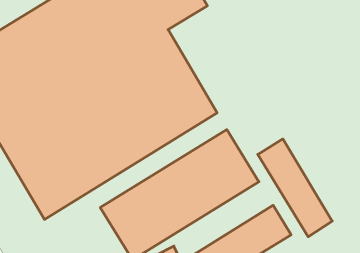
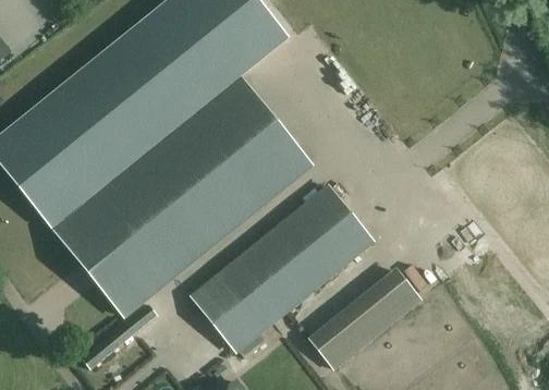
building: [258,139,332,237] -> none

